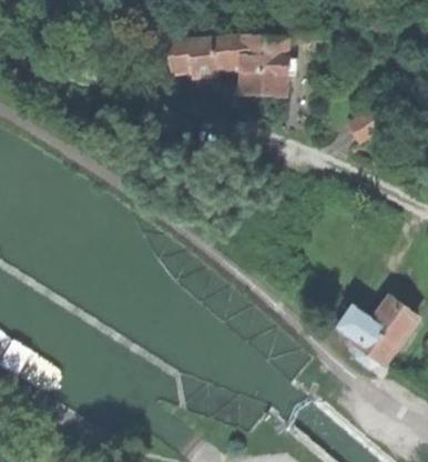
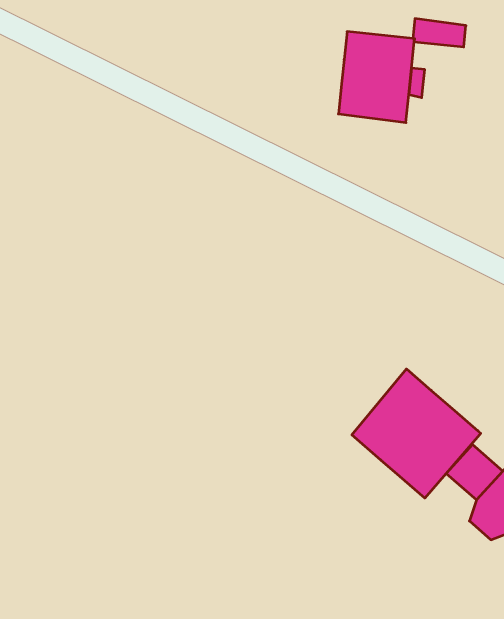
building: [170,39,241,73] -> none
building: none -> [352,369,481,498]

